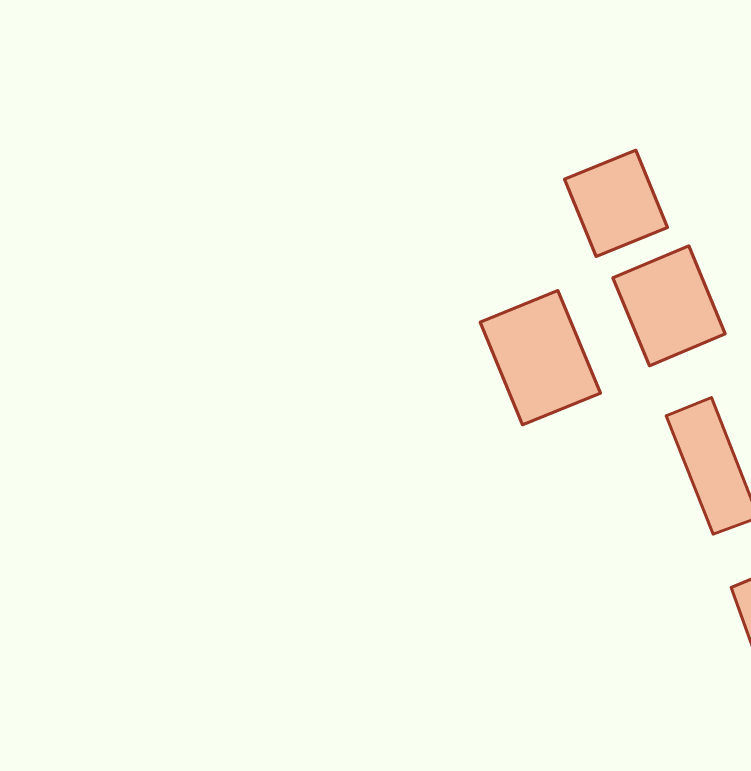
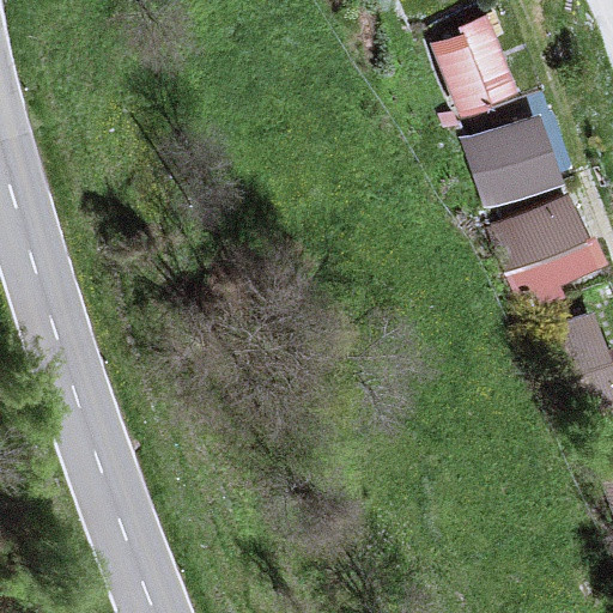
building: none -> [424,18,508,114]
building: [480,290,600,425] -> none

